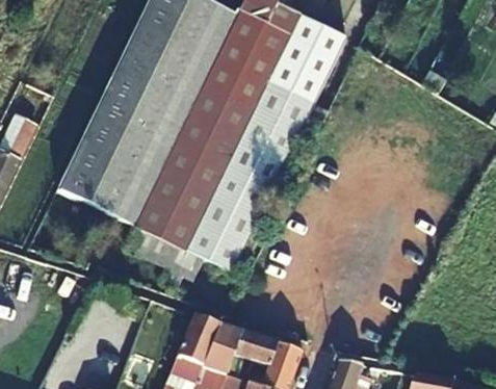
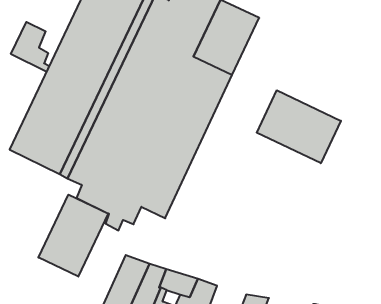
building: none -> [11,22,49,72]
building: none -> [257,90,341,163]
building: none -> [38,195,108,277]

